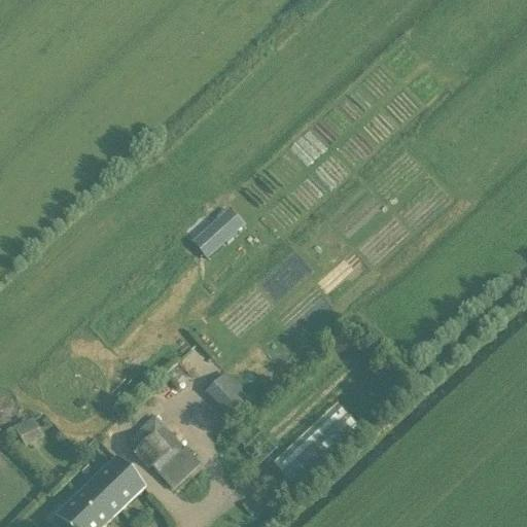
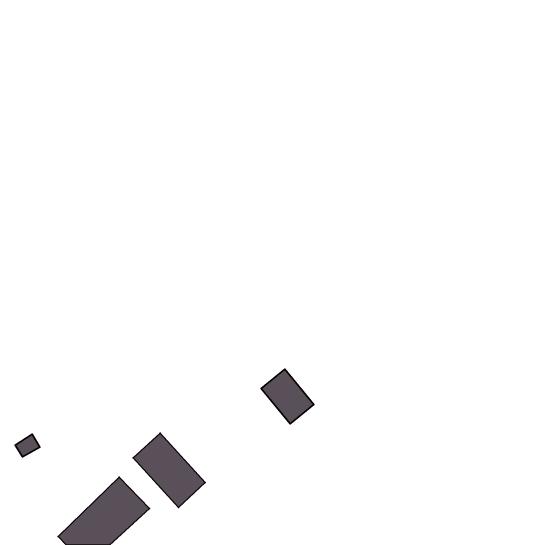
building: [194,211,240,256] -> none
building: [206,370,256,422] -> [261,369,314,424]

